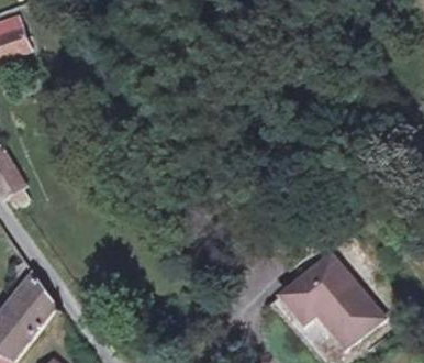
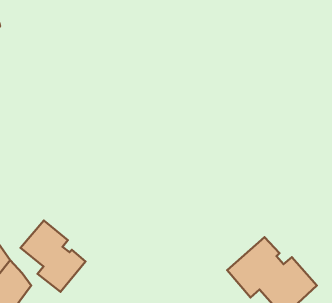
building: none -> [20,221,86,292]

